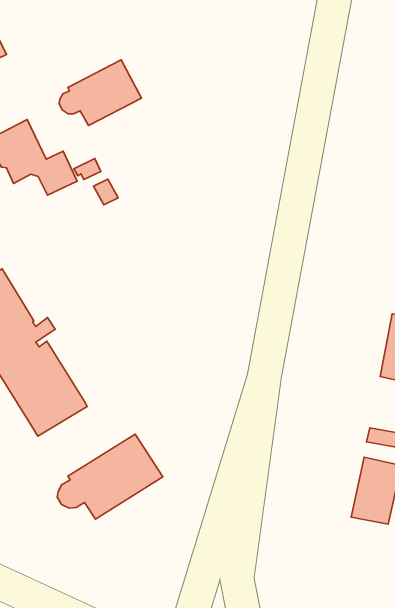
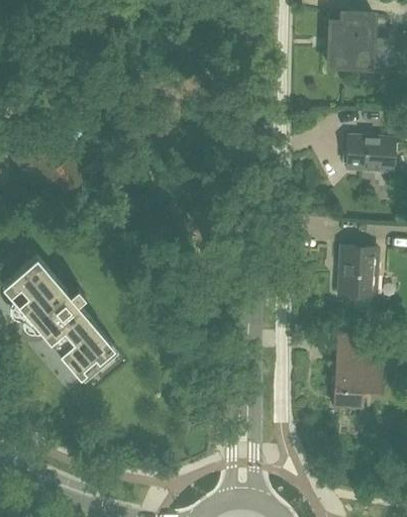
building: [59,60,142,126] -> none
building: [57,434,163,519] -> none

